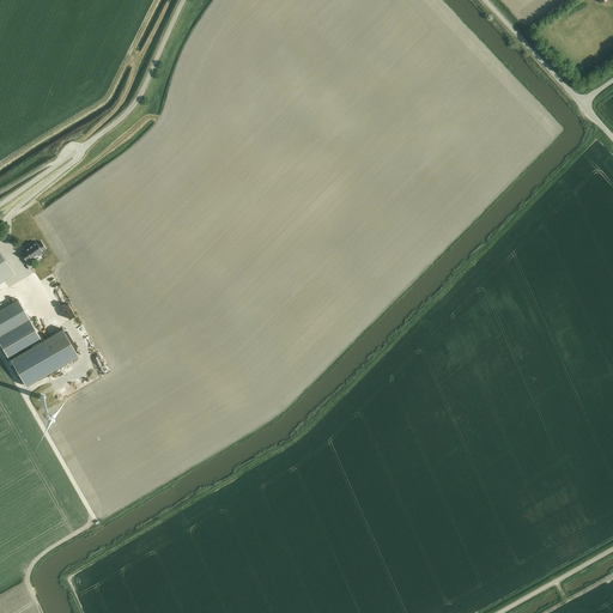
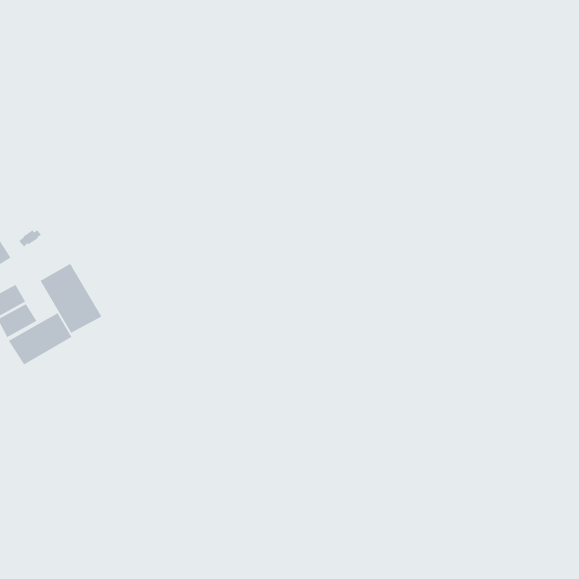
building: none -> [40,263,103,334]

